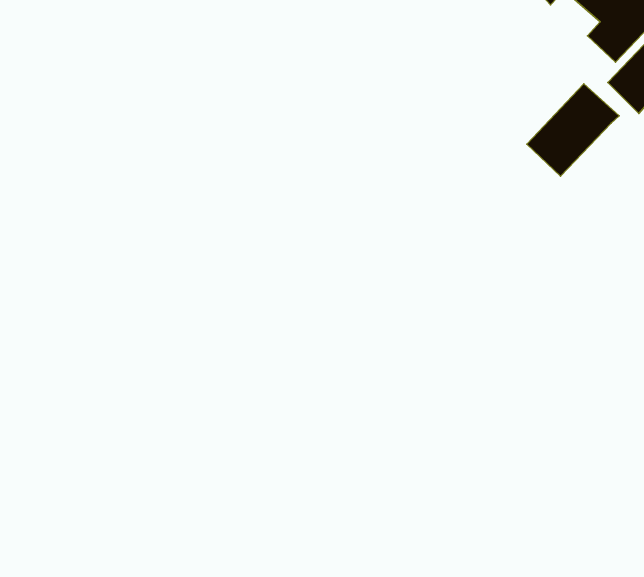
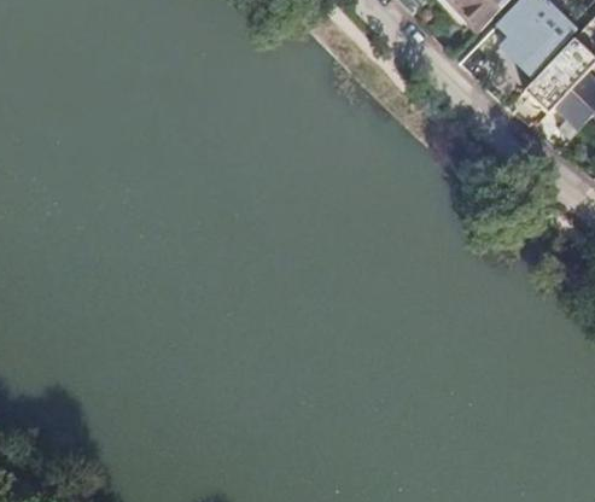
building: [527,84,619,176] -> none

